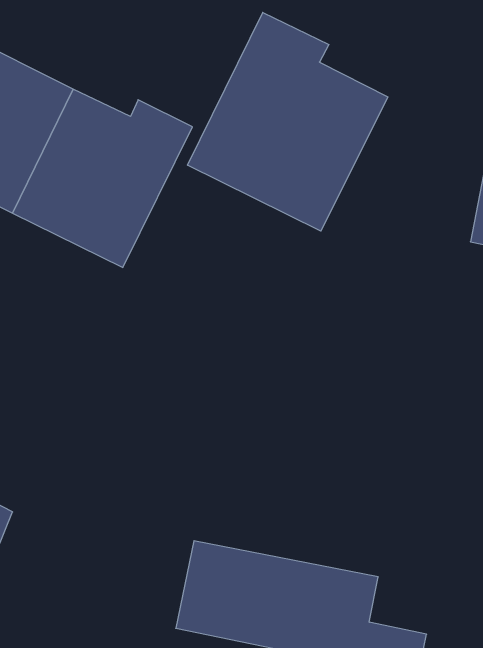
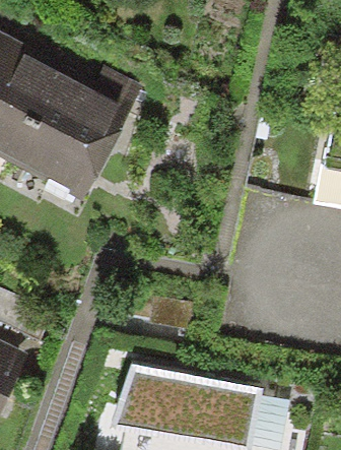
building: [188,12,388,231] -> none

